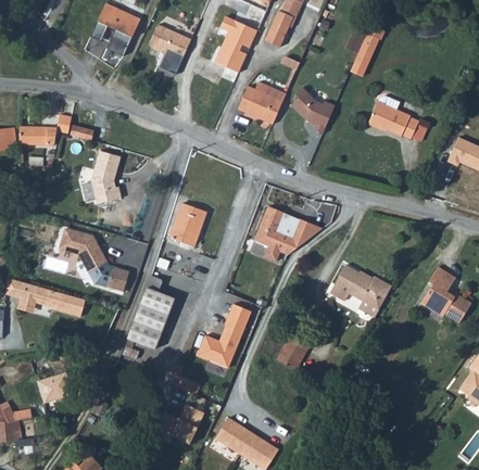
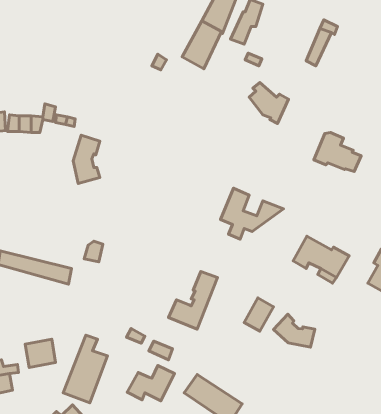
building: [85,7,134,58] -> none
building: [148,24,188,63] -> none
building: [232,84,281,127] -> none
building: [366,94,418,138] -> [314,132,361,172]
building: [168,205,204,247] -> none
building: [58,230,105,272] -> none
building: [124,277,173,352] -> [63,335,107,403]
building: none -> [274,314,315,347]

